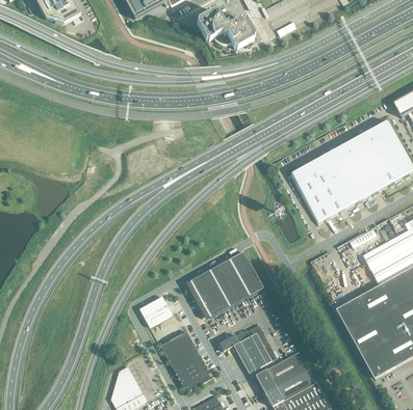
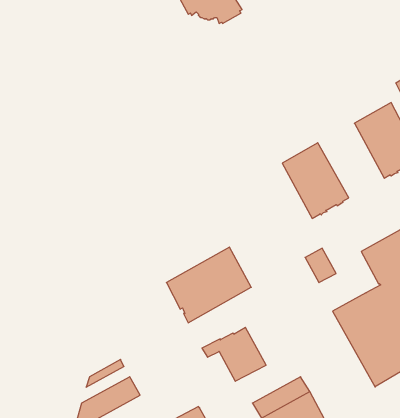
building: [324,138,384,206] -> none
building: [139,295,172,326] -> none
building: [160,330,212,391] -> none
building: [255,350,308,391] -> none

